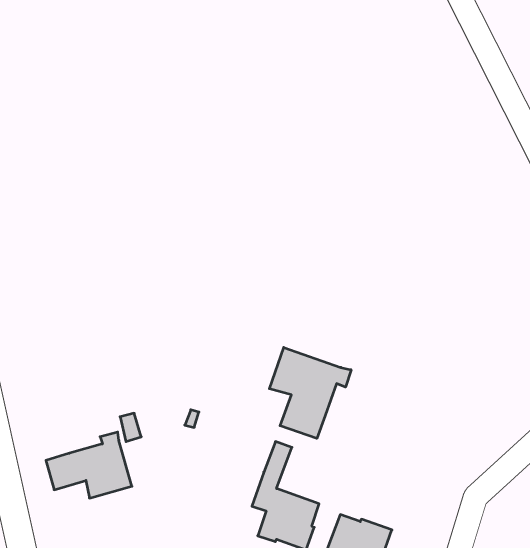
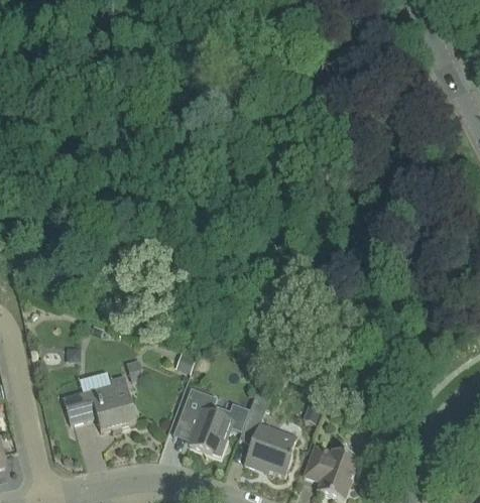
building: [269,347,351,438] -> none
building: none -> [179,386,232,454]

